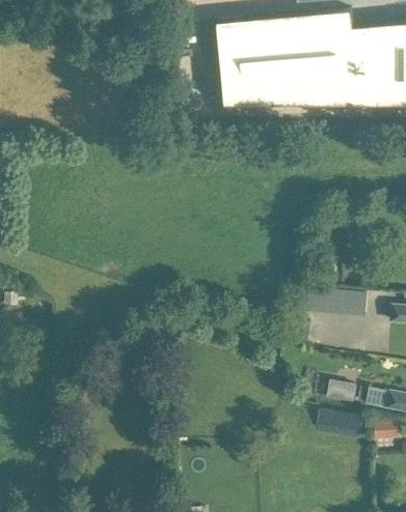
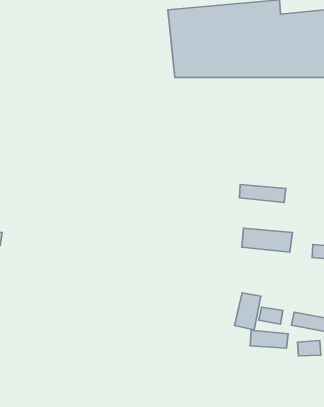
building: none -> [239,184,286,202]
building: none -> [234,293,261,330]

